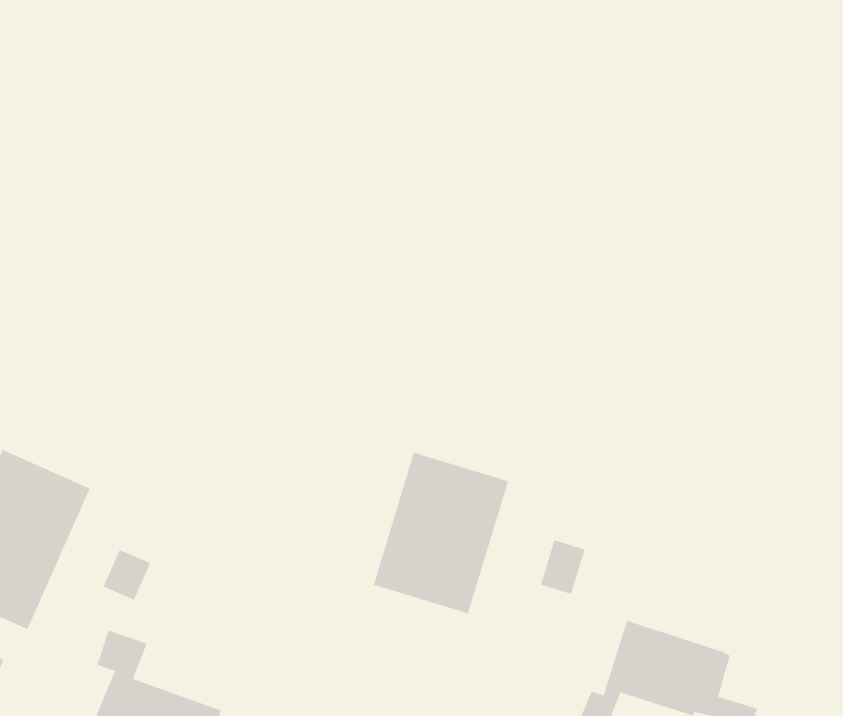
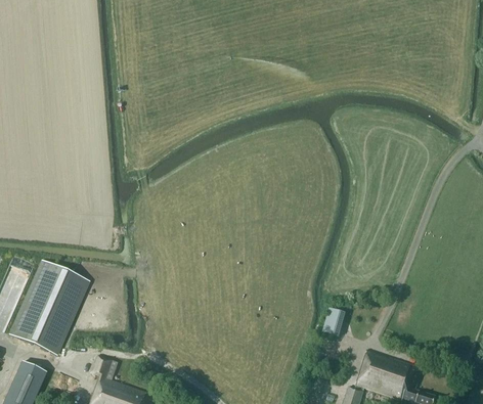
building: [373,452,509,614] -> none
building: [103,549,151,600] -> none

